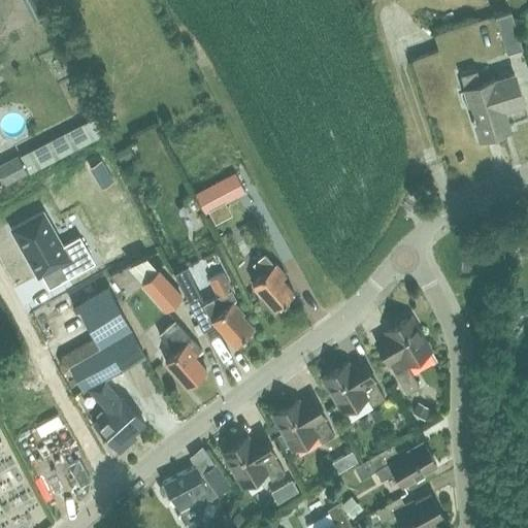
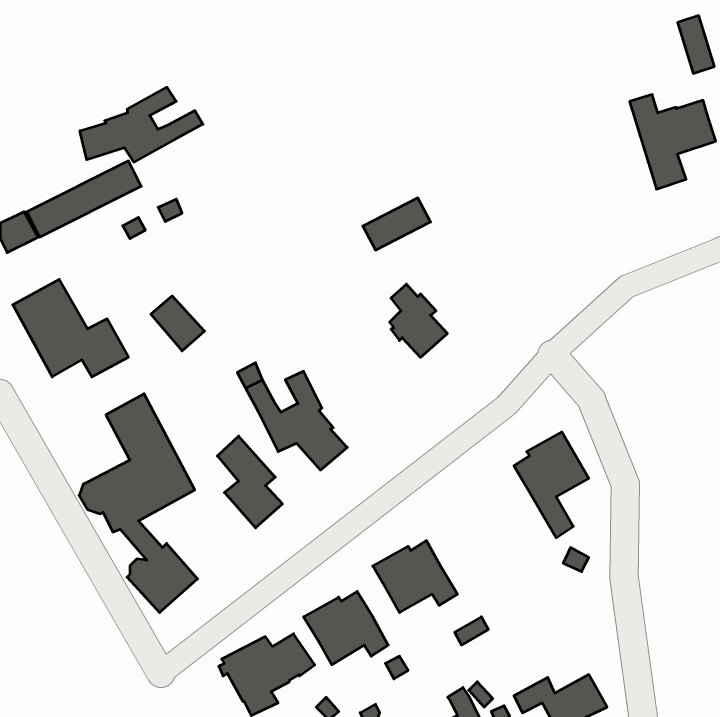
building: none -> [80,87,203,162]
building: [196,176,245,214] -> [363,198,431,250]
building: [253,258,295,311] -> [390,284,447,357]
building: [143,272,183,312] -> [151,296,205,351]
building: [323,361,385,414] -> none
building: [355,443,437,487] -> none

